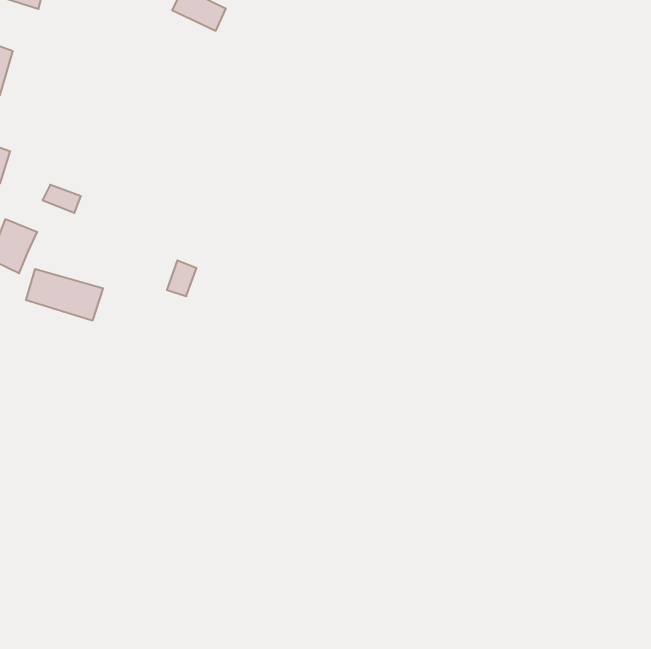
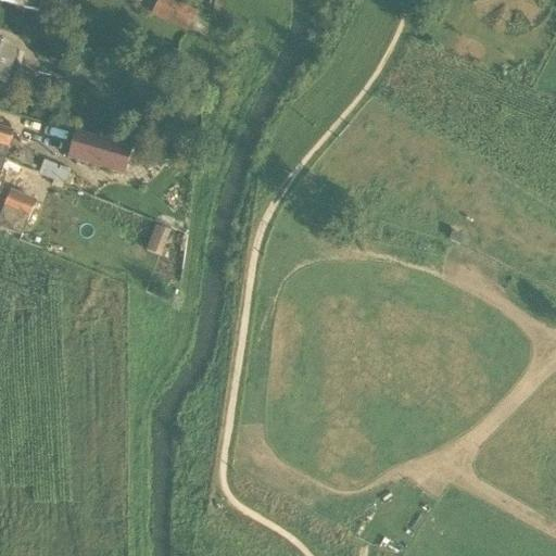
building: [26,269,103,320] -> [66,128,131,172]

